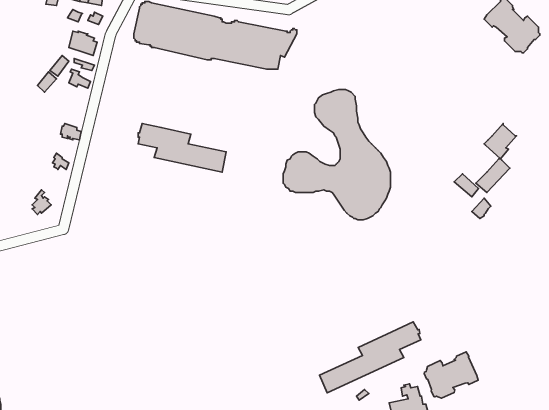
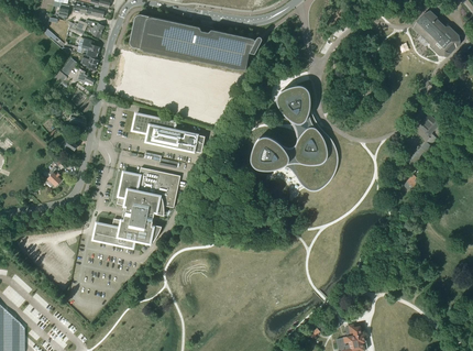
building: none -> [92,168,179,246]
building: [320,322,421,393] -> none
building: [424,352,478,398] -> none

